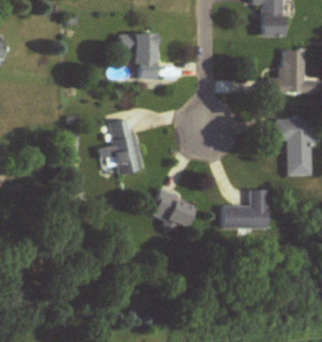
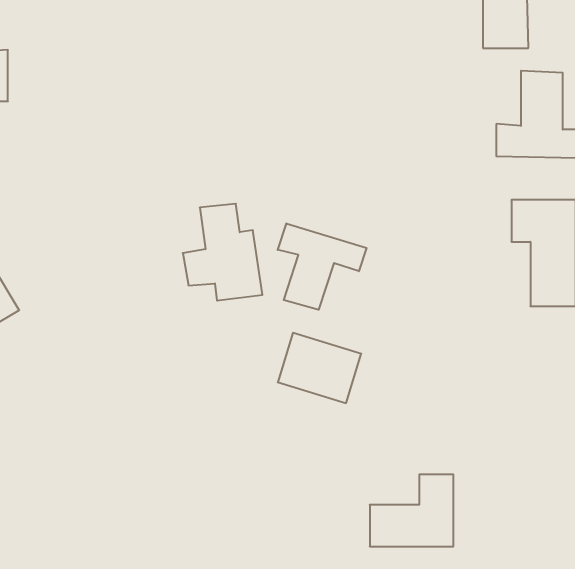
building: [120,35,156,79] -> none
building: none -> [278,223,367,310]
building: [223,189,268,228] -> [370,474,453,546]

